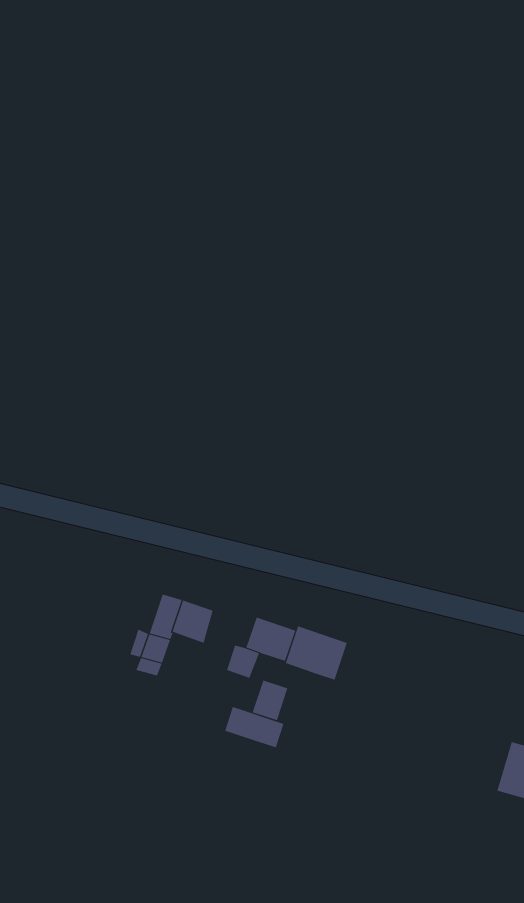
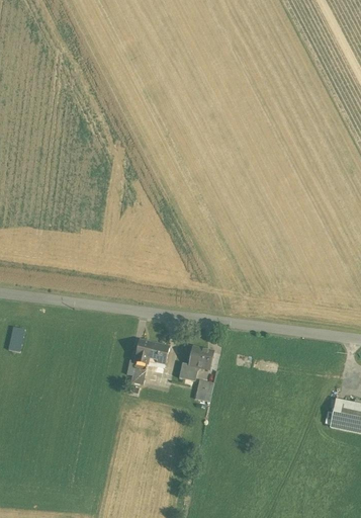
building: [285,626,347,680] -> none
building: [225,706,284,748] -> none

